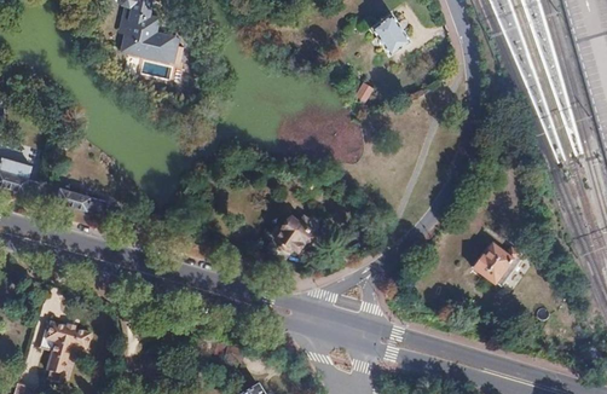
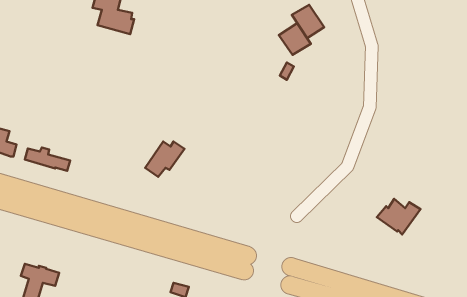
building: none -> [279,23,311,55]
building: [126,36,175,71] -> none
building: [267,213,314,255] -> [145,142,185,177]

